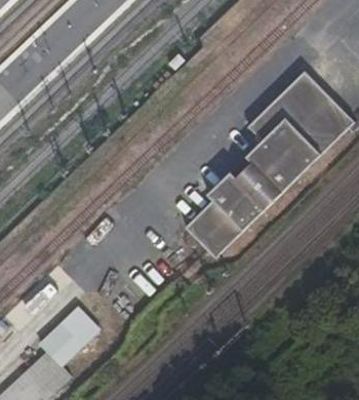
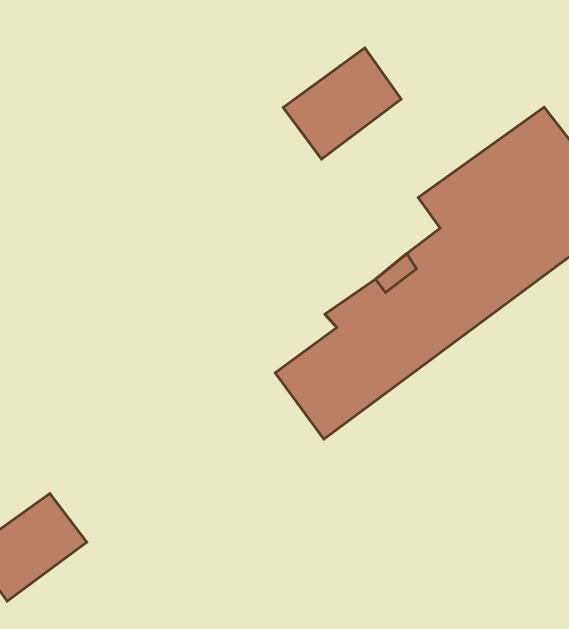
building: none -> [283,48,401,159]

